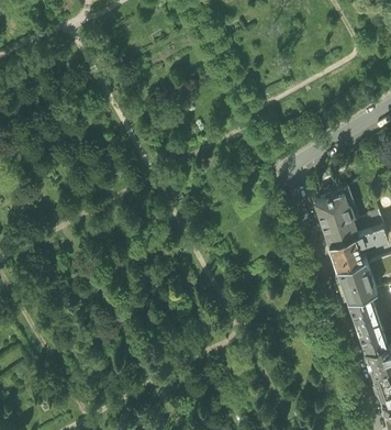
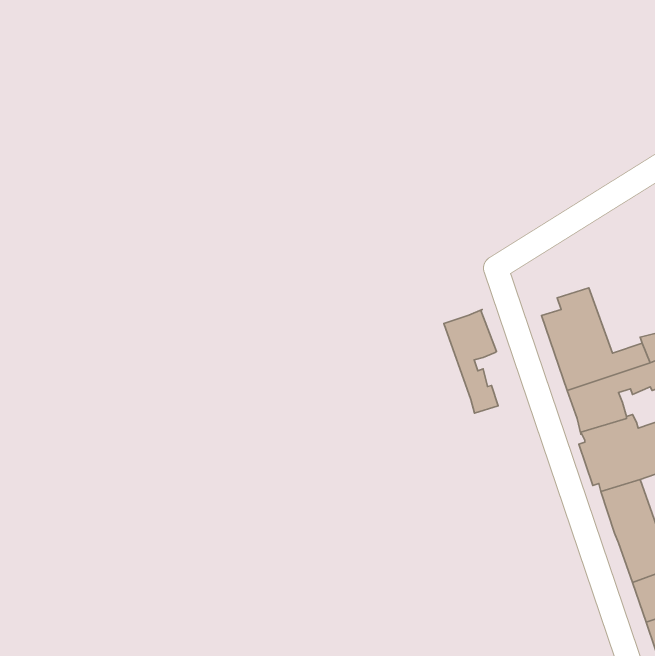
building: none -> [444,309,498,413]

